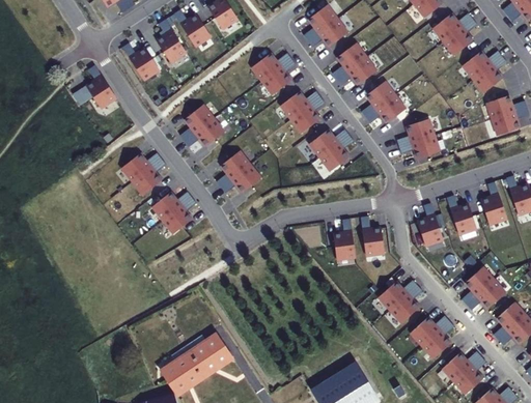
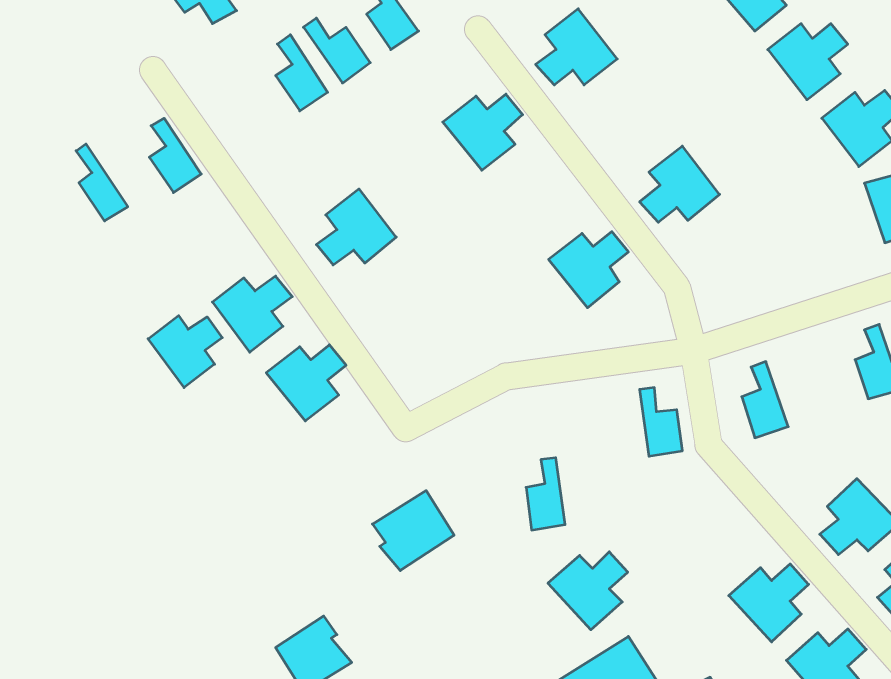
building: [332,45,376,87] -> none
building: [122,46,160,81] -> none
building: none -> [76,144,128,221]
building: [281,91,326,134] -> none
building: [396,120,440,161] -> none
building: [217,153,261,196] -> none
building: none -> [148,316,222,388]
building: [443,197,474,235] -> none
building: [334,220,356,260] -> [526,458,565,530]
building: [379,281,423,324] -> [548,552,628,630]
building: [185,326,230,371] -> [372,491,454,571]

